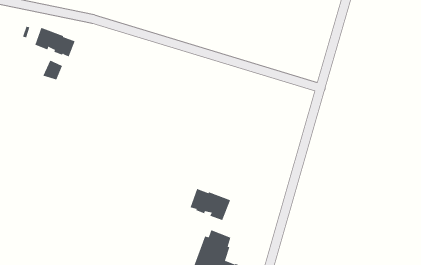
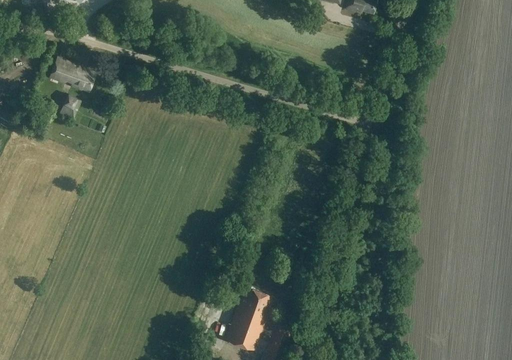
building: [190,188,231,221] -> none

